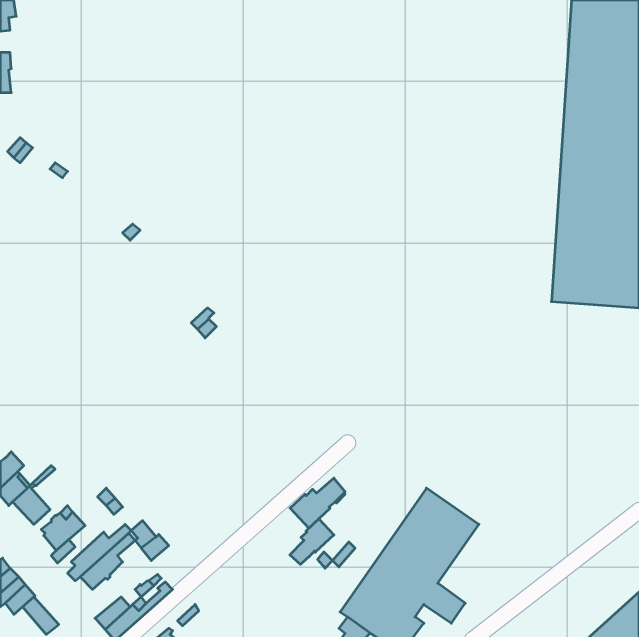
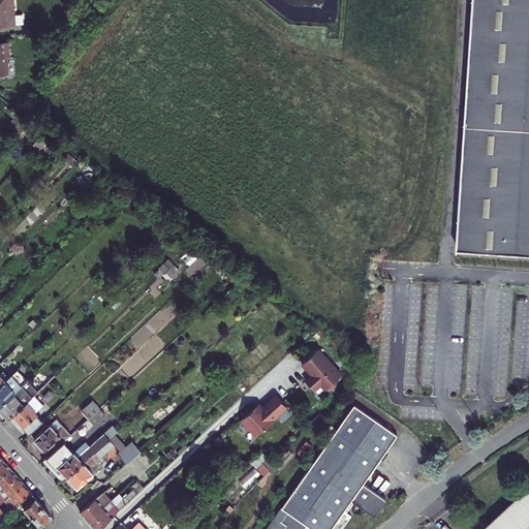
building: none -> [301,350,341,392]
building: [290,519,334,564] -> none

